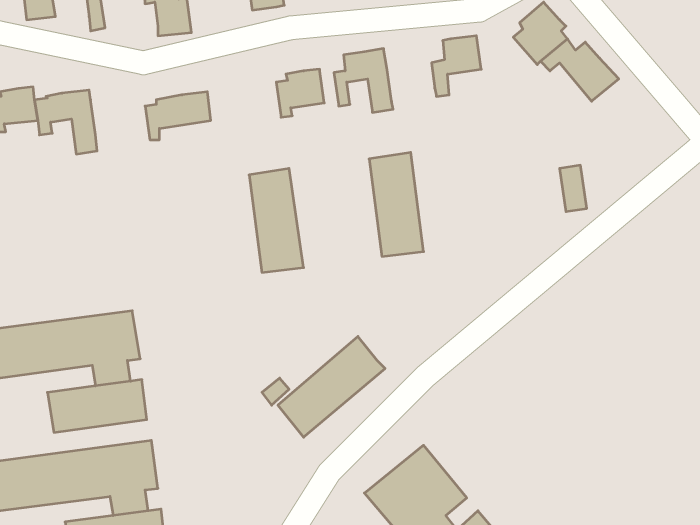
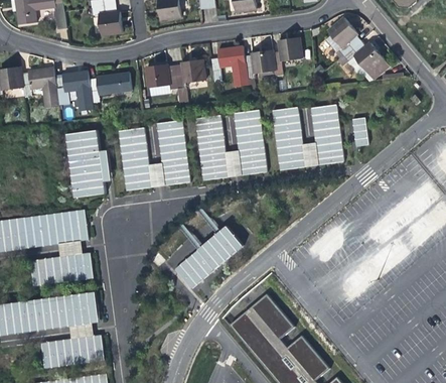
building: none -> [244,48,274,78]
building: none -> [145,62,177,89]
building: none -> [57,71,96,111]
building: none -> [311,105,344,165]
building: none -> [272,107,306,170]
building: none -> [195,115,229,180]
building: none -> [118,128,152,190]
building: none -> [66,130,106,198]

